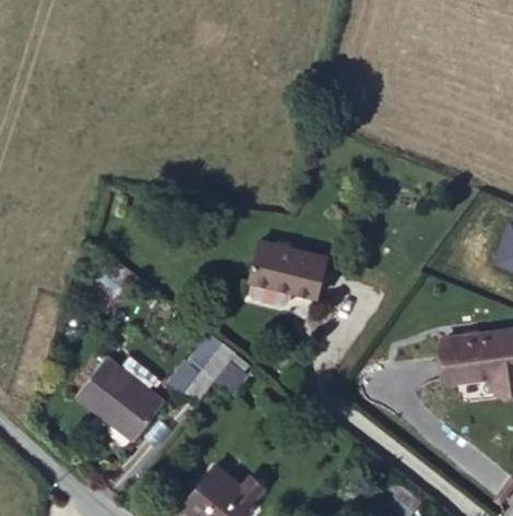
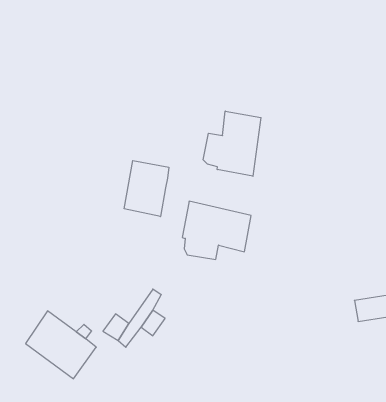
building: none -> [203,111,261,176]
building: none -> [124,161,169,217]

